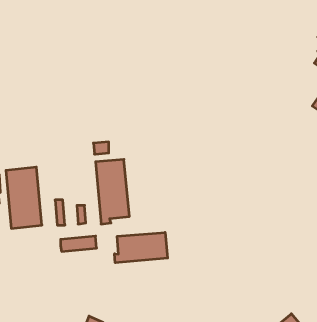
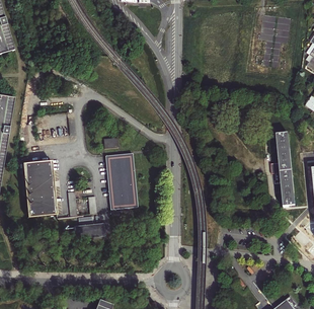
building: none -> [271,133,295,206]
building: [115,232,168,263] -> none

